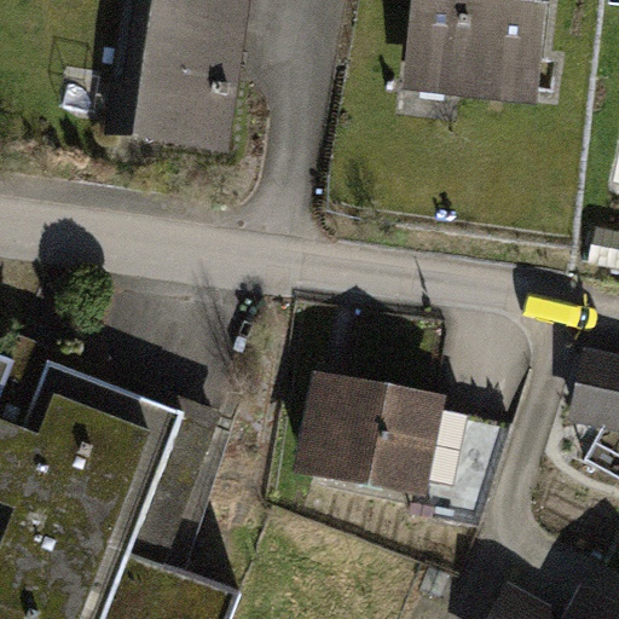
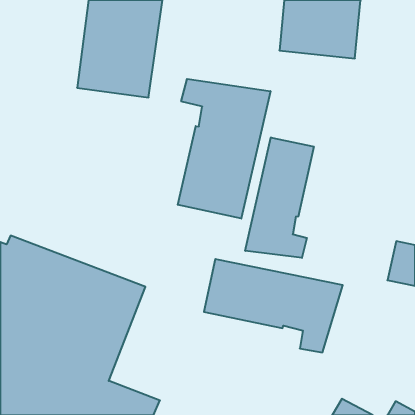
building: none -> [178,79,270,219]
building: none -> [245,137,314,258]

